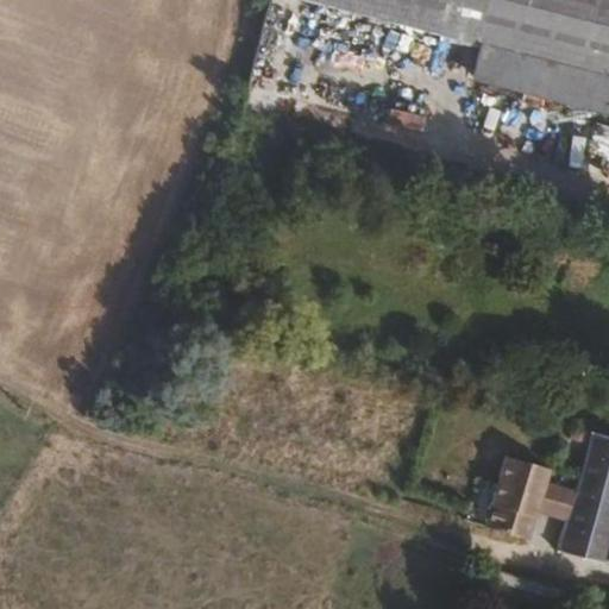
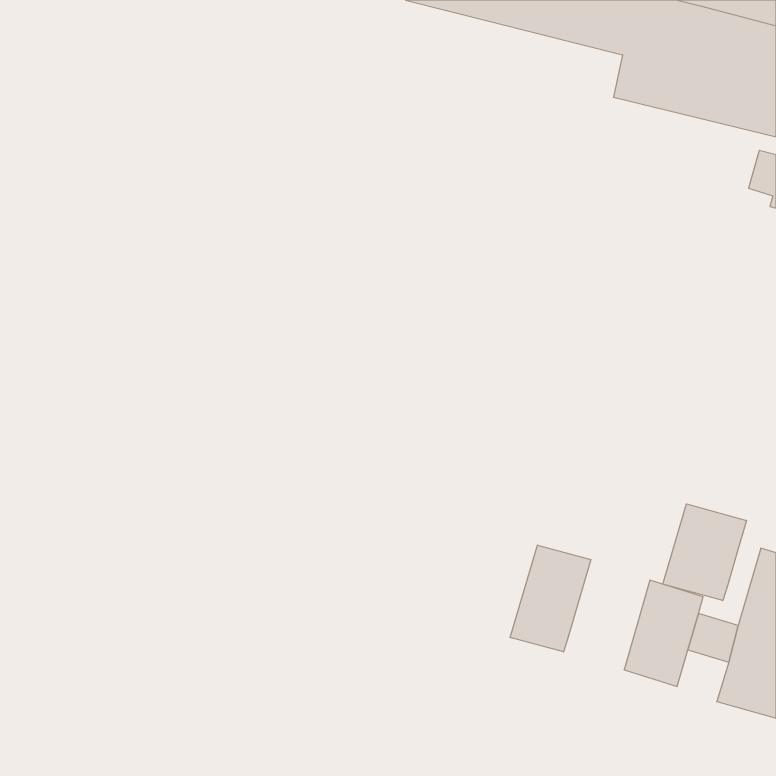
building: none -> [663,504,746,601]
building: none -> [510,545,591,652]

